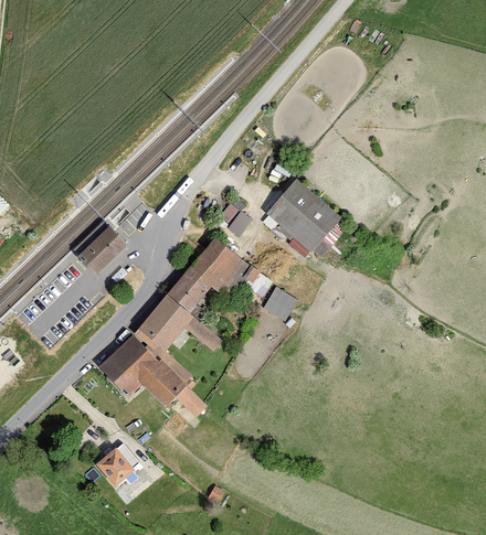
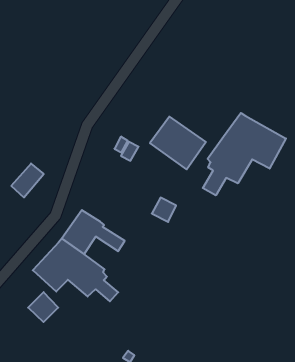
building: none -> [203,113,286,195]
building: [168,237,268,311] -> none
building: [98,446,138,485] -> [28,292,58,322]

